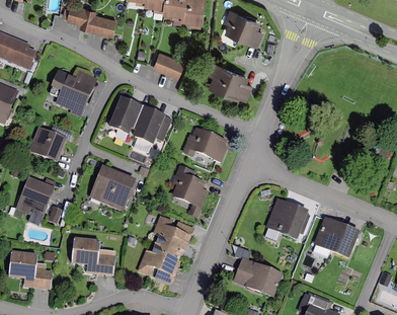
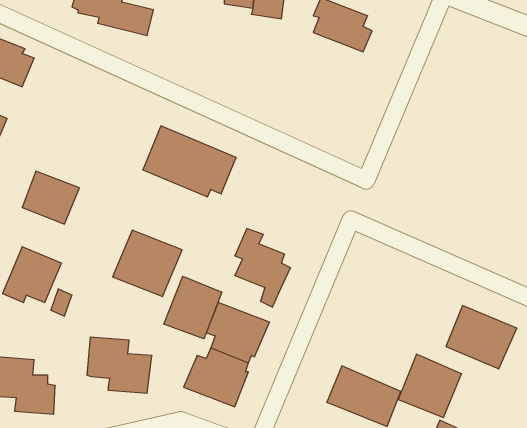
building: [152,51,184,78] -> none
building: [208,62,252,101] -> none
building: [52,69,96,119] -> none
building: [182,128,227,163] -> none
building: none -> [164,276,222,339]
building: [265,198,308,240] -> [398,354,462,418]

